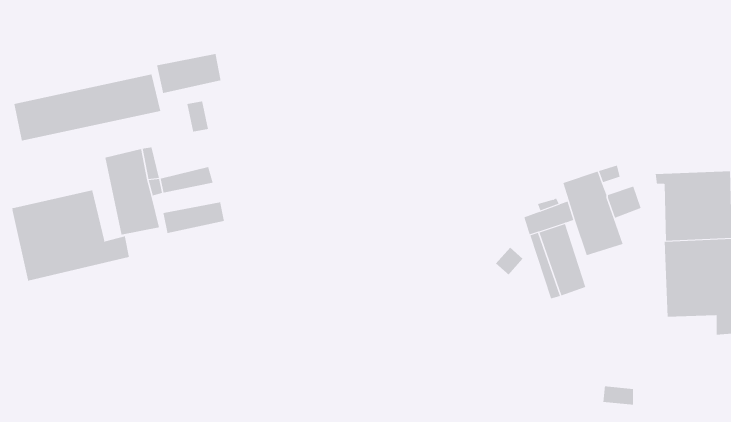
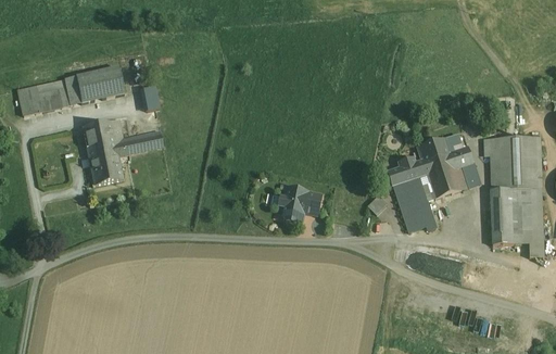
building: [157,53,221,94] -> none
building: [12,189,129,281] -> none
building: [163,201,224,234] -> none
building: none -> [279,187,321,219]

